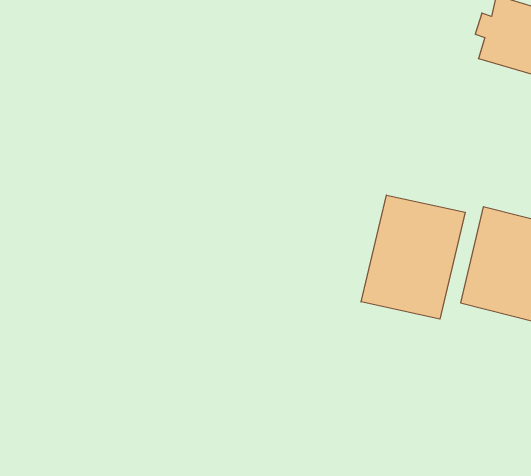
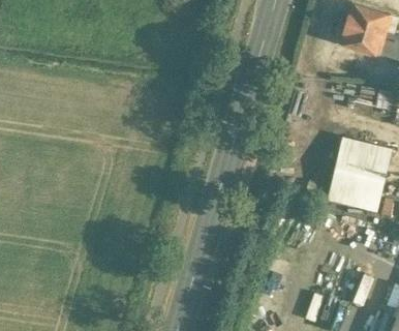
building: [361,195,465,319] -> none

